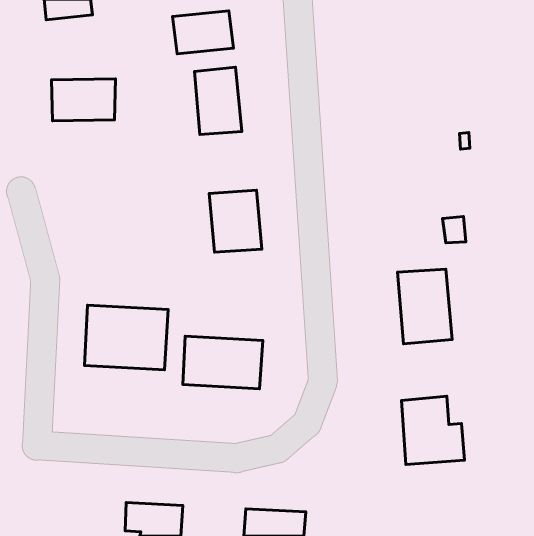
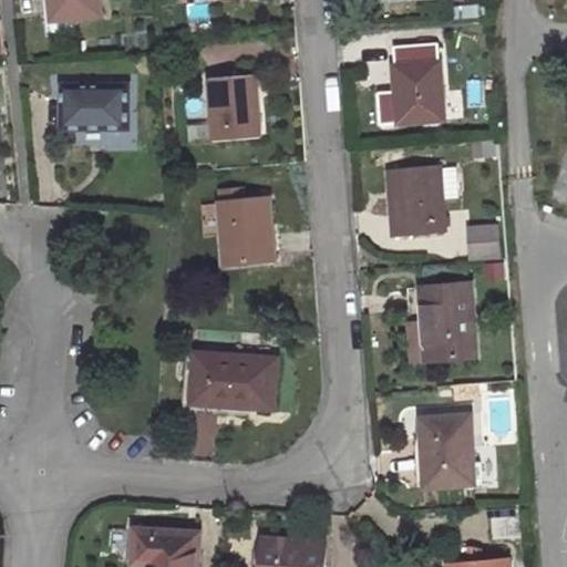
building: [172,11,234,54] -> none
building: none -> [370,41,446,124]
building: none -> [386,167,456,239]
building: [85,305,168,370] -> none

